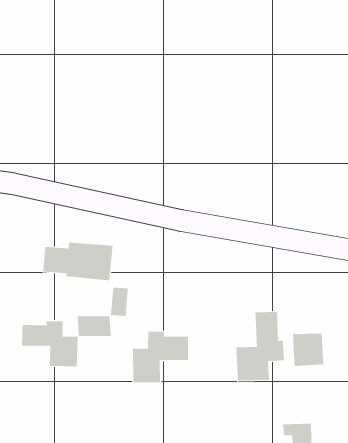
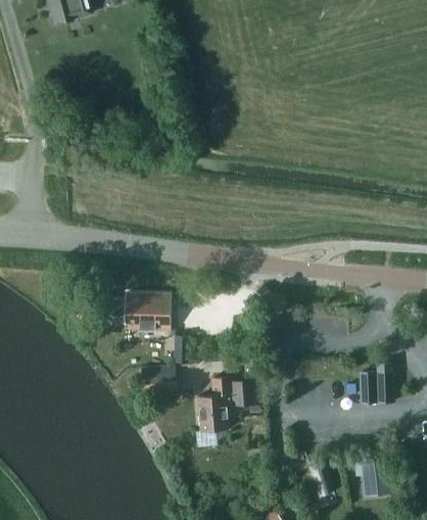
building: [236,311,285,381] -> none
building: [21,320,78,367] -> none

